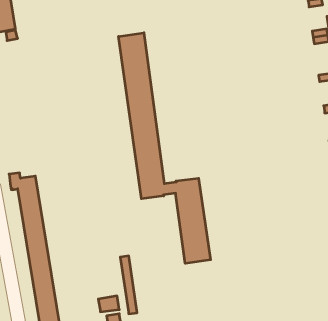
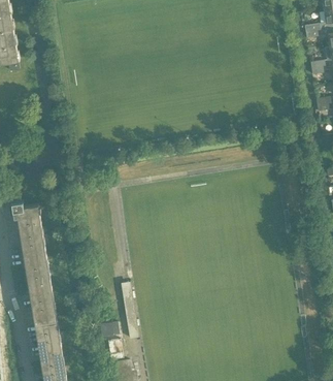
building: [119,33,211,263] -> none

